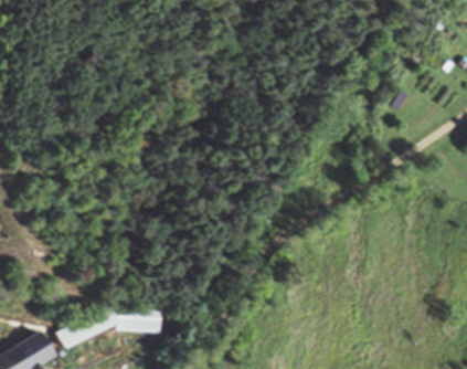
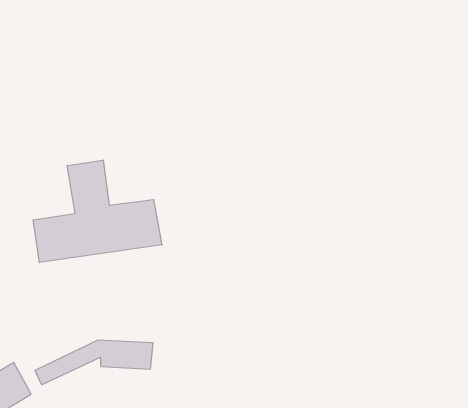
building: none -> [33,160,162,263]

